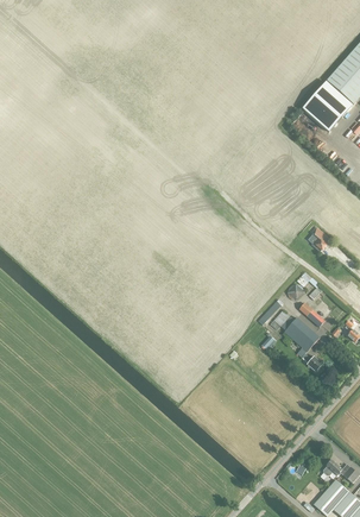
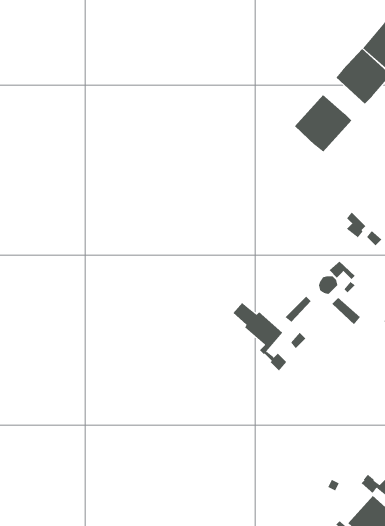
building: none -> [294,94,352,153]
building: [274,309,323,371] -> [232,302,287,372]

